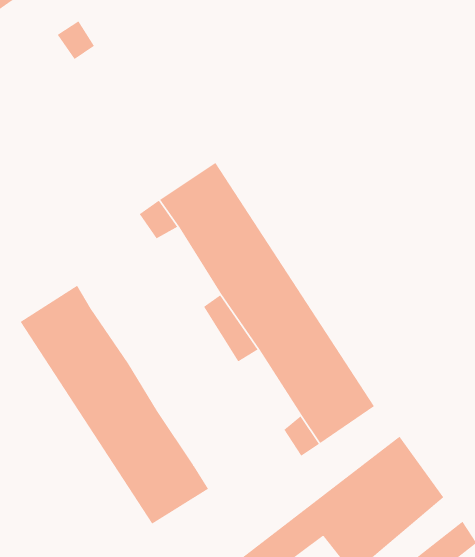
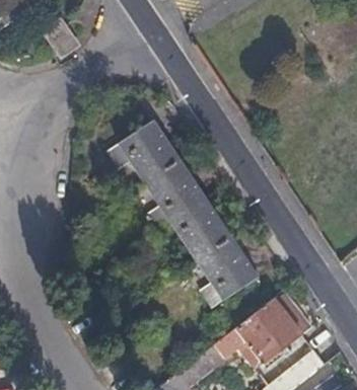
building: [20,285,209,525] -> none

